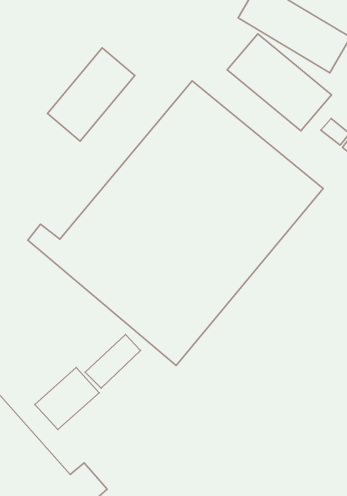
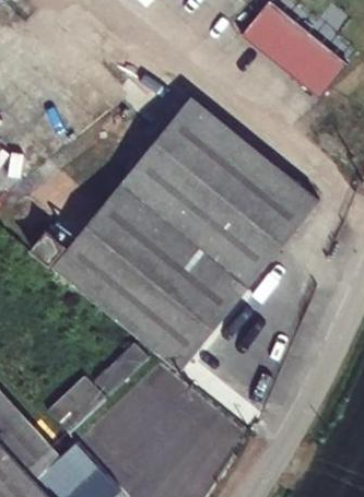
building: [227,34,332,131] -> none
building: [48,48,135,141] -> none

